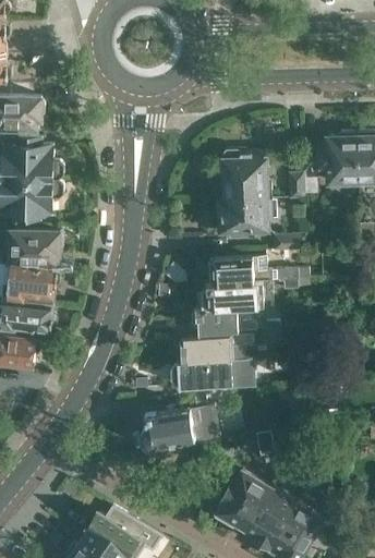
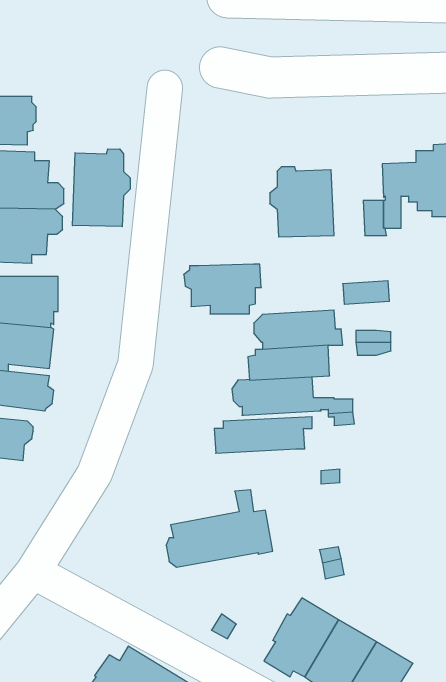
building: none -> [73,149,130,227]
building: [214,199,271,236] -> [184,264,261,314]
building: [170,359,246,386] -> none

